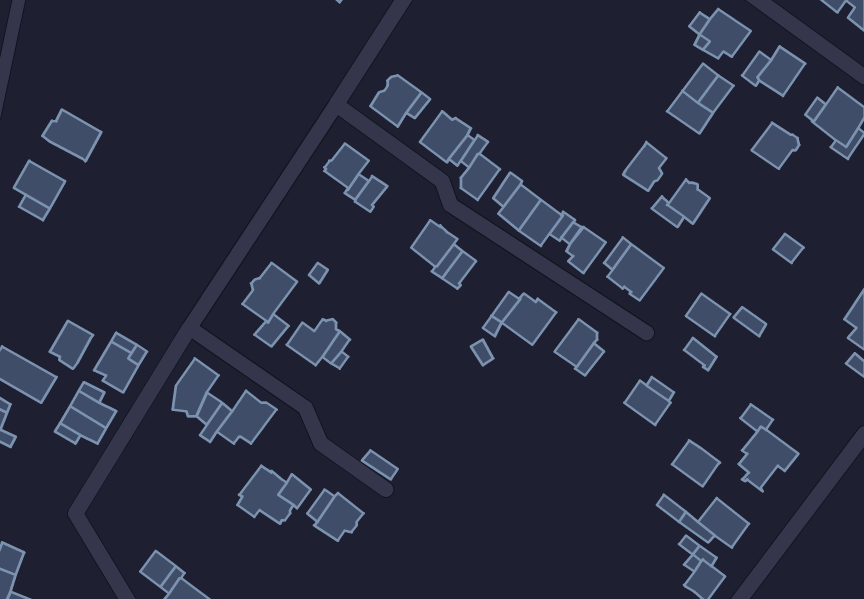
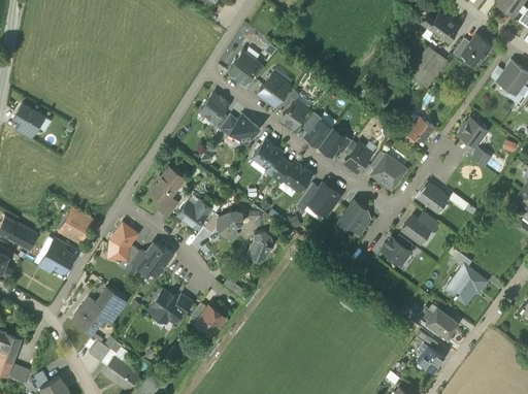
building: [42,110,101,161] -> none
building: [752,123,799,169] -> [458,119,487,146]
building: [623,142,666,191] -> none
building: none -> [229,114,257,143]
building: none -> [282,162,310,191]
building: [50,321,93,369] -> none
building: none -> [217,211,241,237]
building: none -> [246,231,271,260]
building: [672,440,720,486] -> [401,215,430,242]
building: none -> [74,288,125,333]

